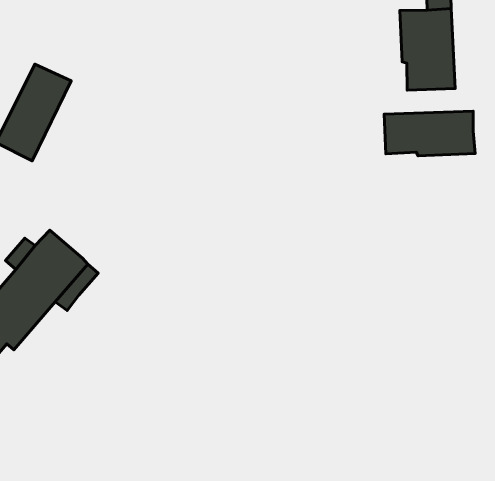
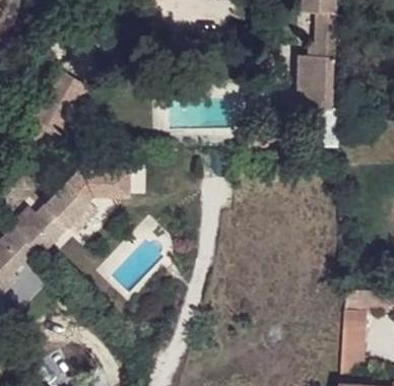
building: [384,111,475,156] -> none
building: none -> [65,169,125,200]

